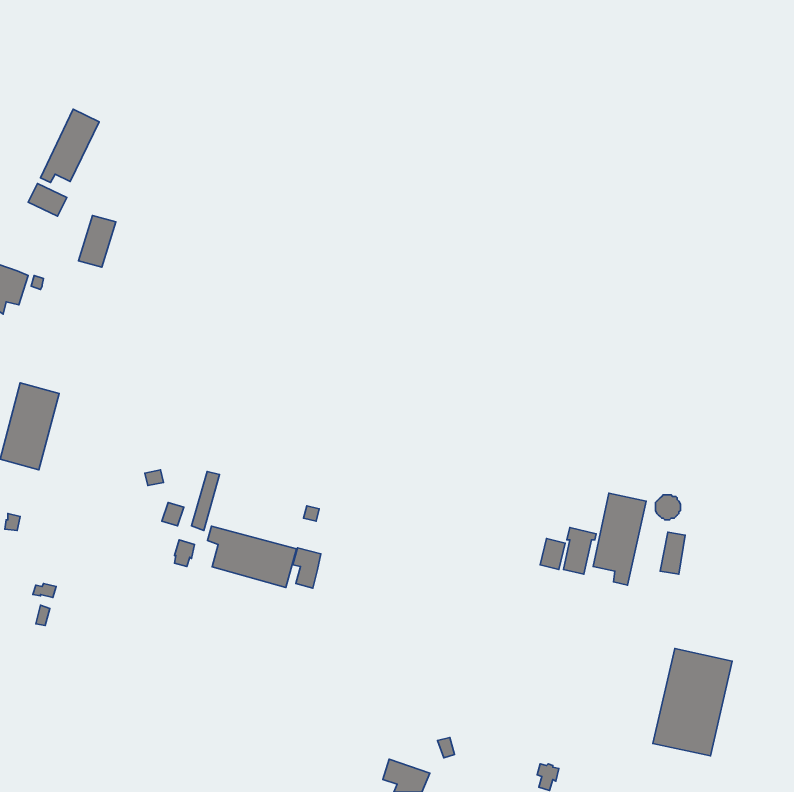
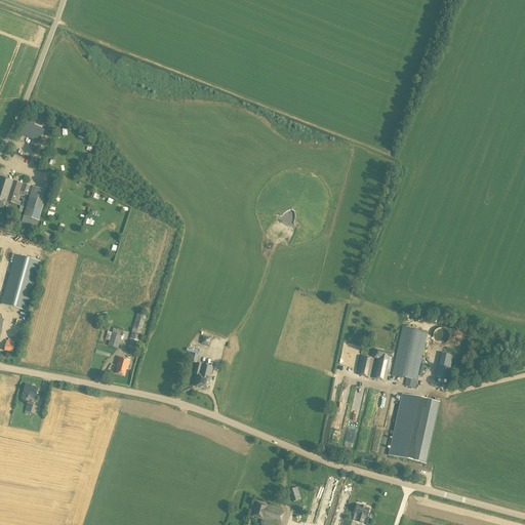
building: [41,109,99,183] -> none
building: [79,216,116,267] -> [23,185,47,218]
building: [208,526,297,587] -> none
building: [653,649,732,756] -> [387,392,439,462]

